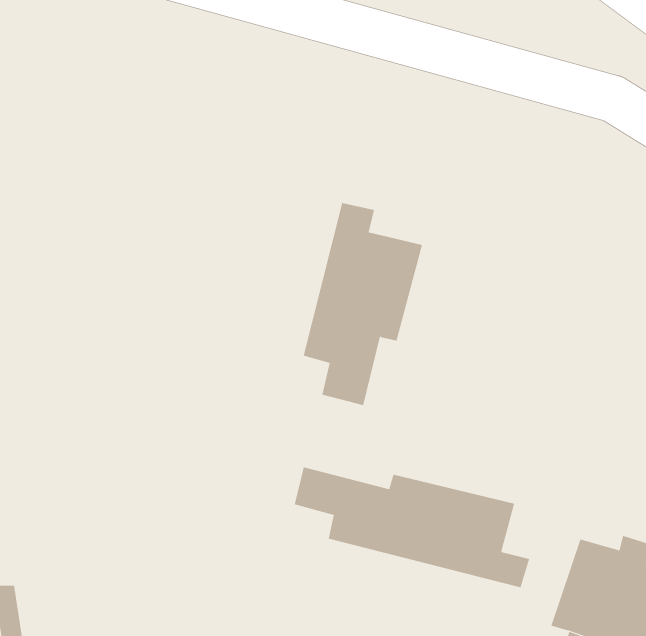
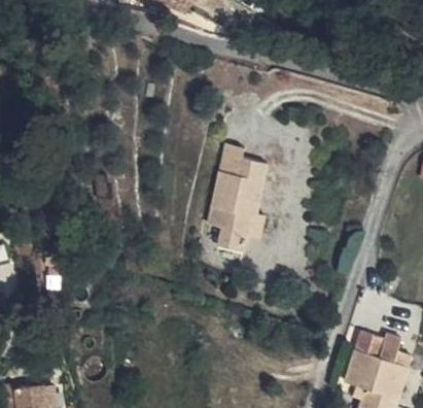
building: [294,466,530,588] -> none

